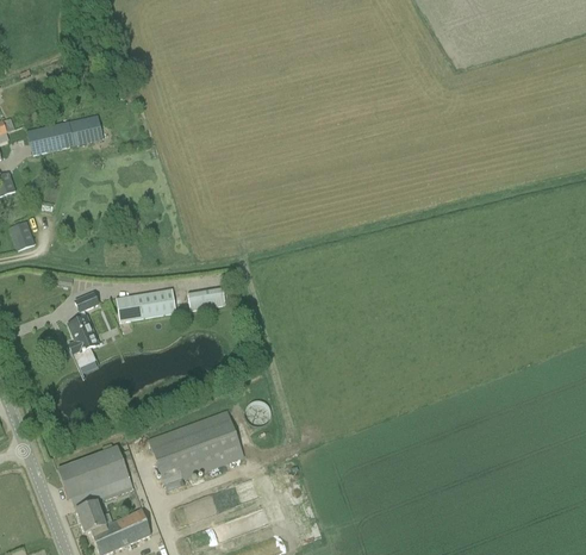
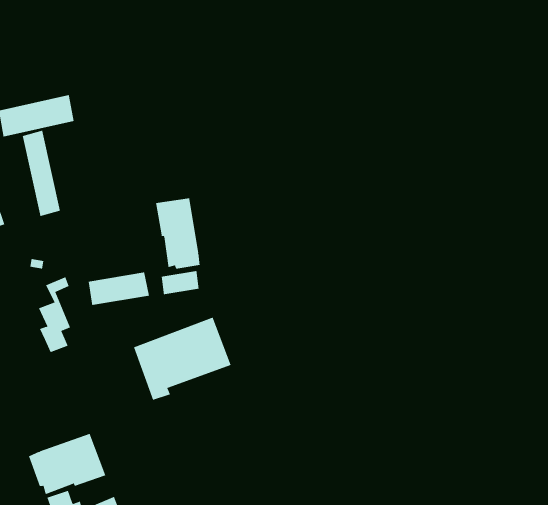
building: none -> [22,130,61,217]
building: none -> [156,198,200,269]
building: [148,409,244,491] -> [133,317,231,400]

